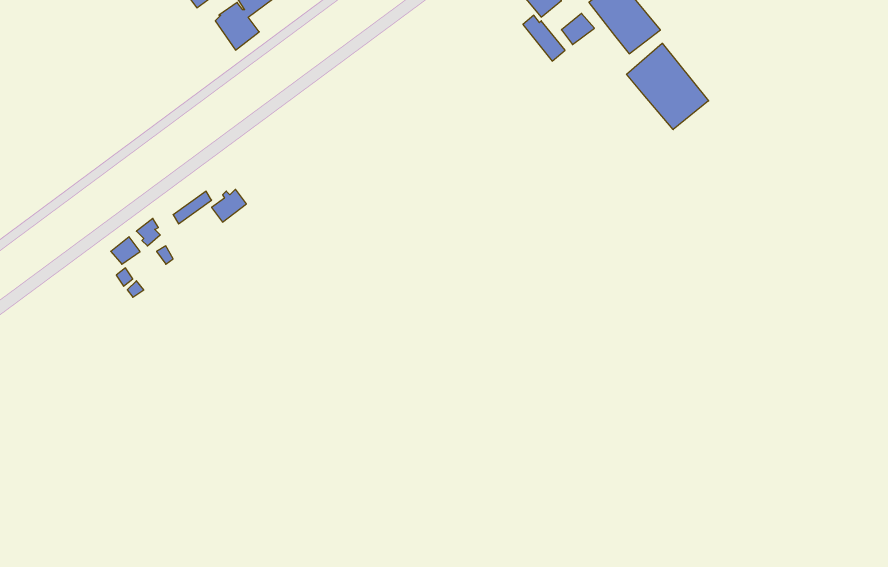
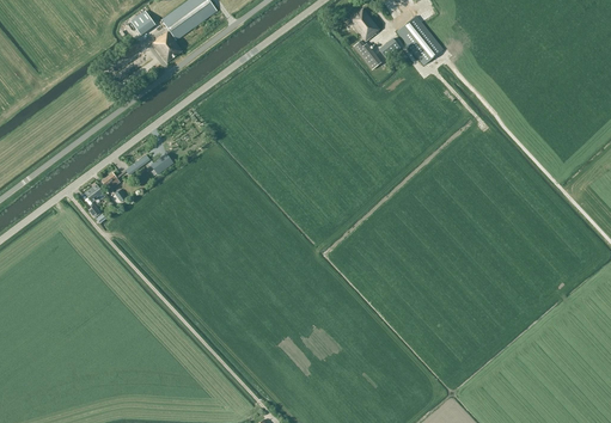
building: [627,43,709,130] -> none

